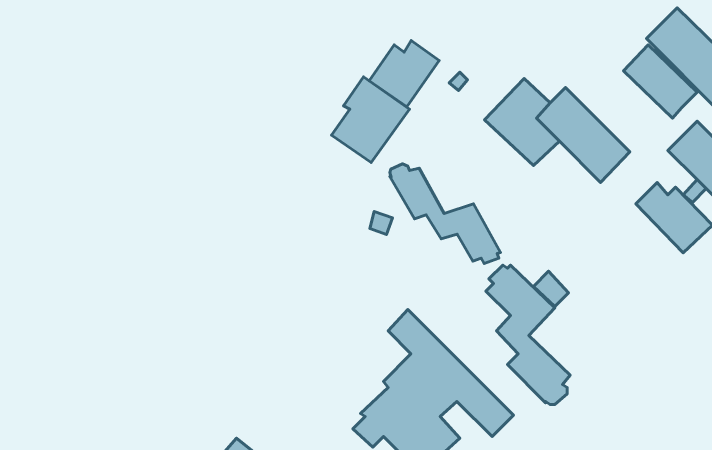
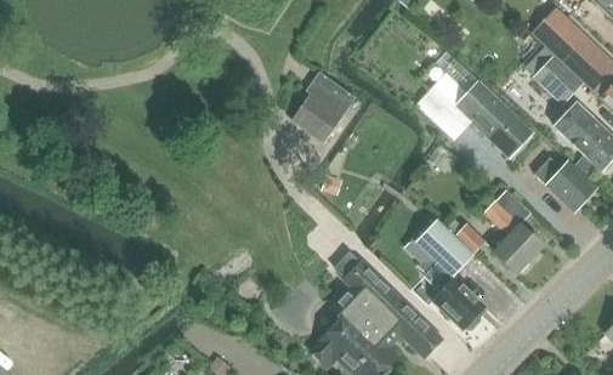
building: [369,41,439,107] -> none
building: [390,164,501,263] -> none
building: none -> [482,198,544,273]

